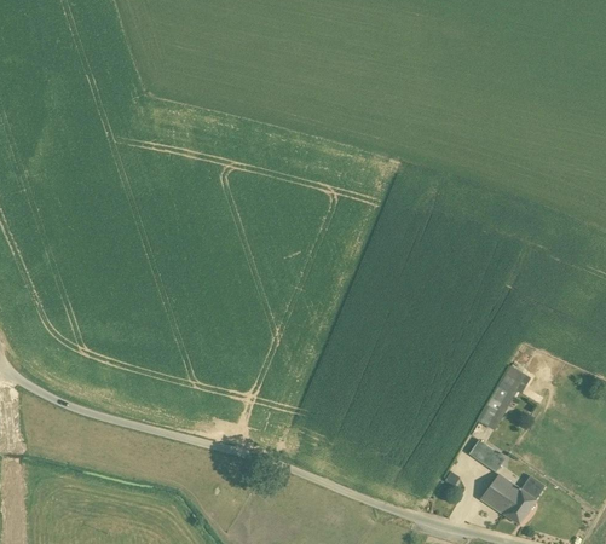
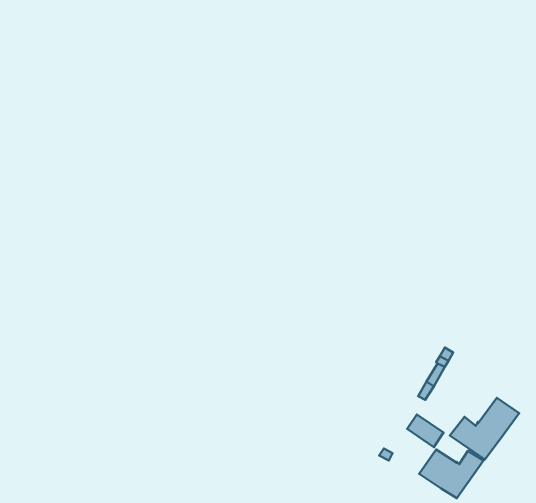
building: none -> [450,398,519,460]

